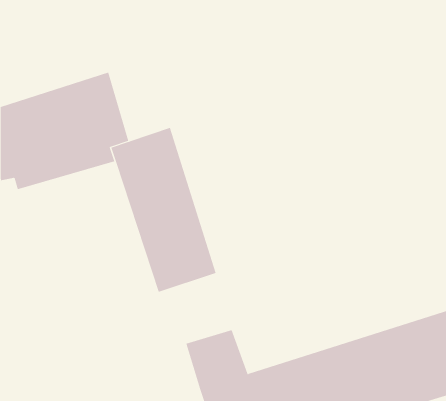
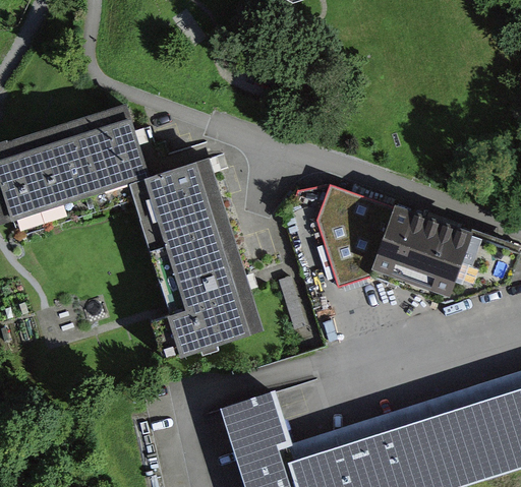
building: none -> [322,183,475,297]

